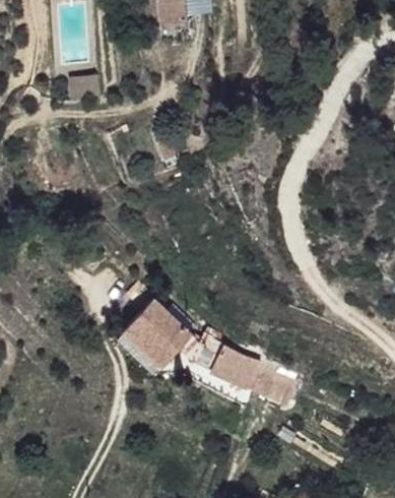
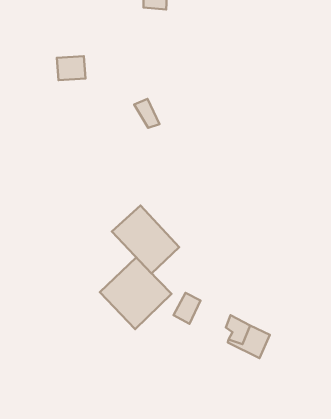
building: none -> [112,206,179,273]
building: [210,344,257,389] -> none

